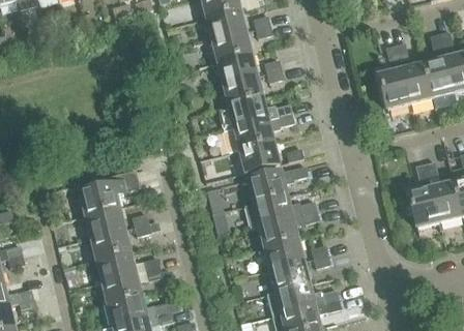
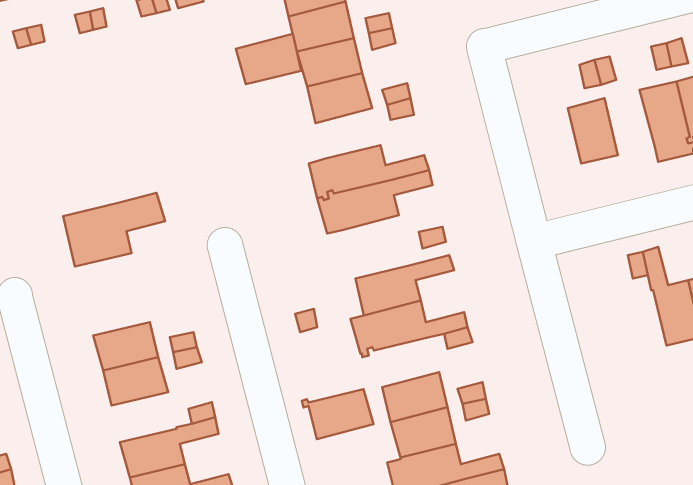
building: [402,63,433,103] -> none
building: [223,74,263,106] -> [236,34,301,84]
building: [239,141,280,173] -> none
building: [78,170,141,215] -> [63,193,165,266]
building: [409,187,440,228] -> none
building: [255,216,299,247] -> [302,389,374,439]
building: [96,250,137,281] -> none

